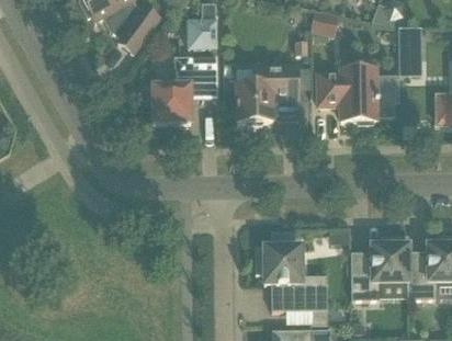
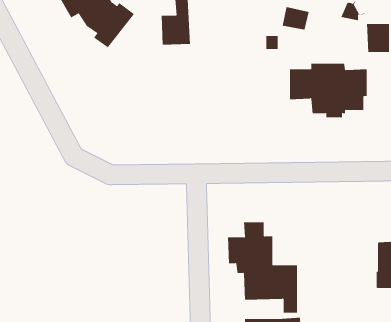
building: [152,56,217,122] -> none
building: [237,67,298,125] -> none
building: [351,235,409,298] -> none

